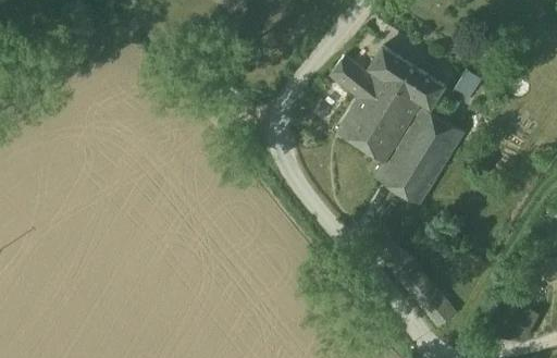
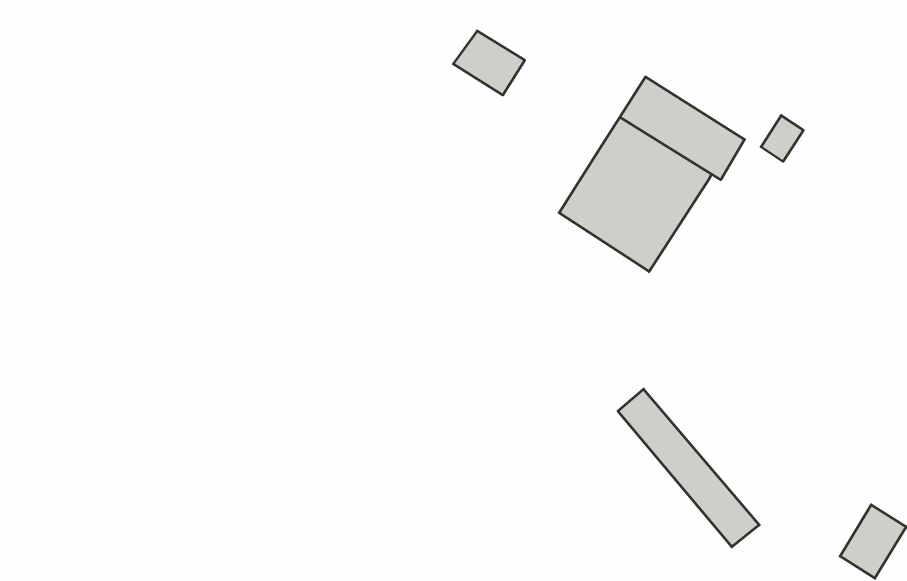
building: [330,54,372,92] -> [453,31,525,95]
building: [380,108,462,203] -> none

